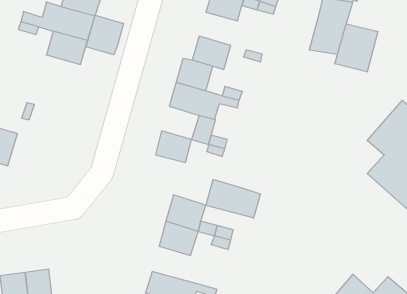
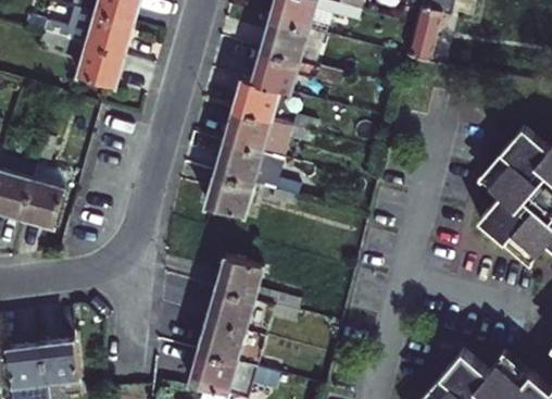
building: none -> [262,17,311,60]
building: [86,15,123,55] -> none
building: [335,24,378,72] -> none
building: none -> [214,137,262,179]
building: none -> [18,158,65,222]
building: [206,180,261,218] -> [202,315,272,364]

